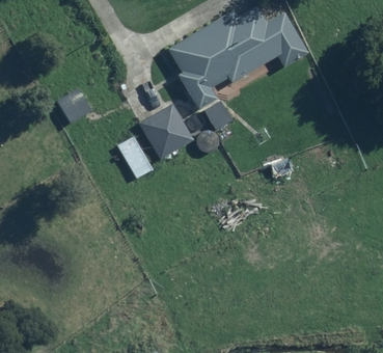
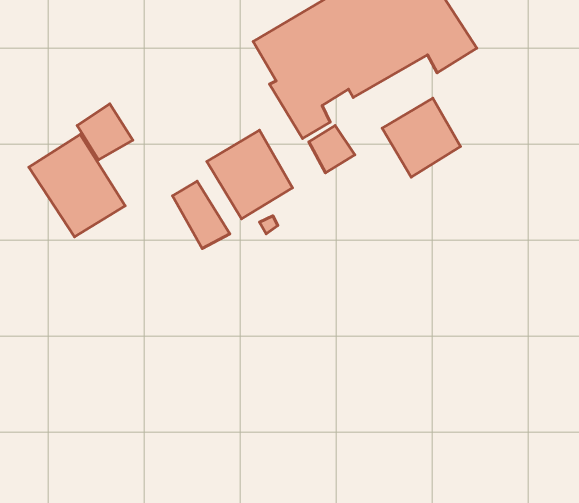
building: none -> [382,98,461,177]
building: none -> [29,135,125,237]

